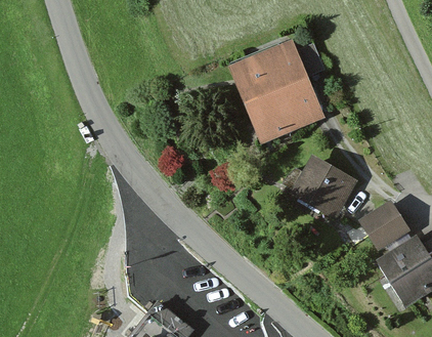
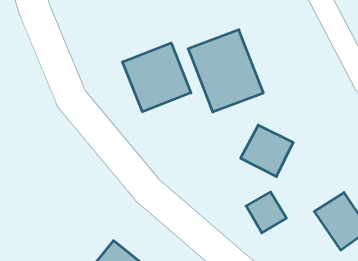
building: none -> [123,43,191,112]
building: [361,201,408,249] -> [246,192,286,233]

